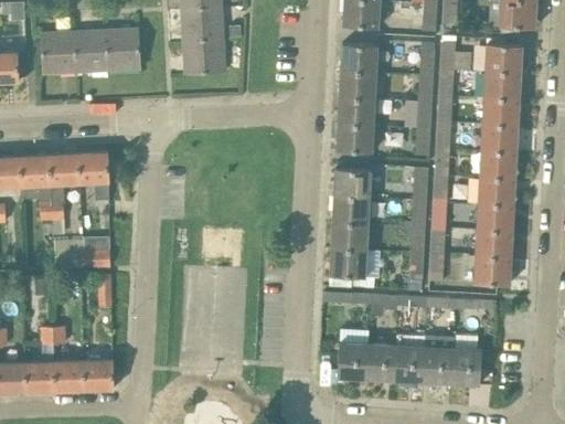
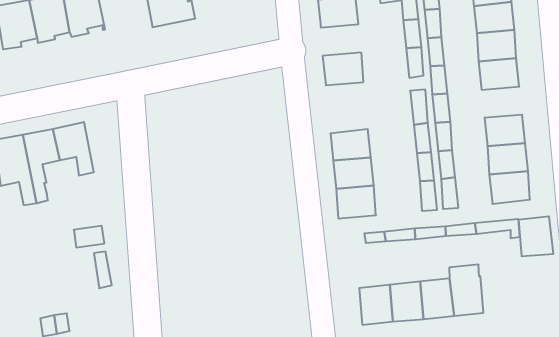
building: [337,97,374,126] -> none
building: [333,169,370,198] -> none
building: [478,177,514,205] -> none
building: [450,349,481,385] -> [519,216,553,256]

